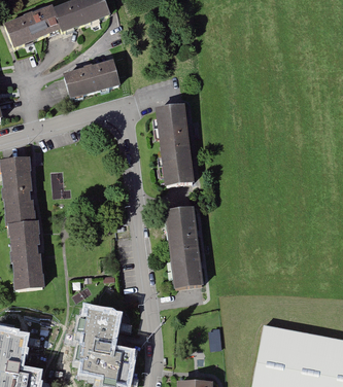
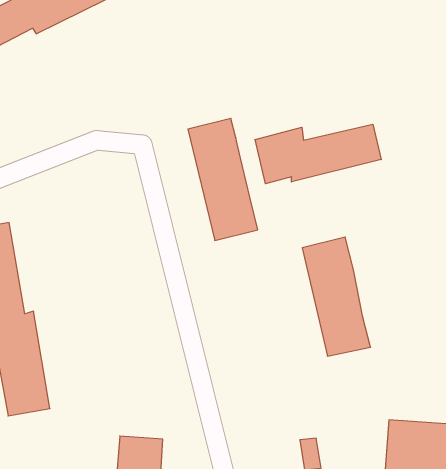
building: [63,62,119,98] -> none
building: none -> [255,124,381,184]
building: [165,207,204,286] -> [302,237,371,356]

